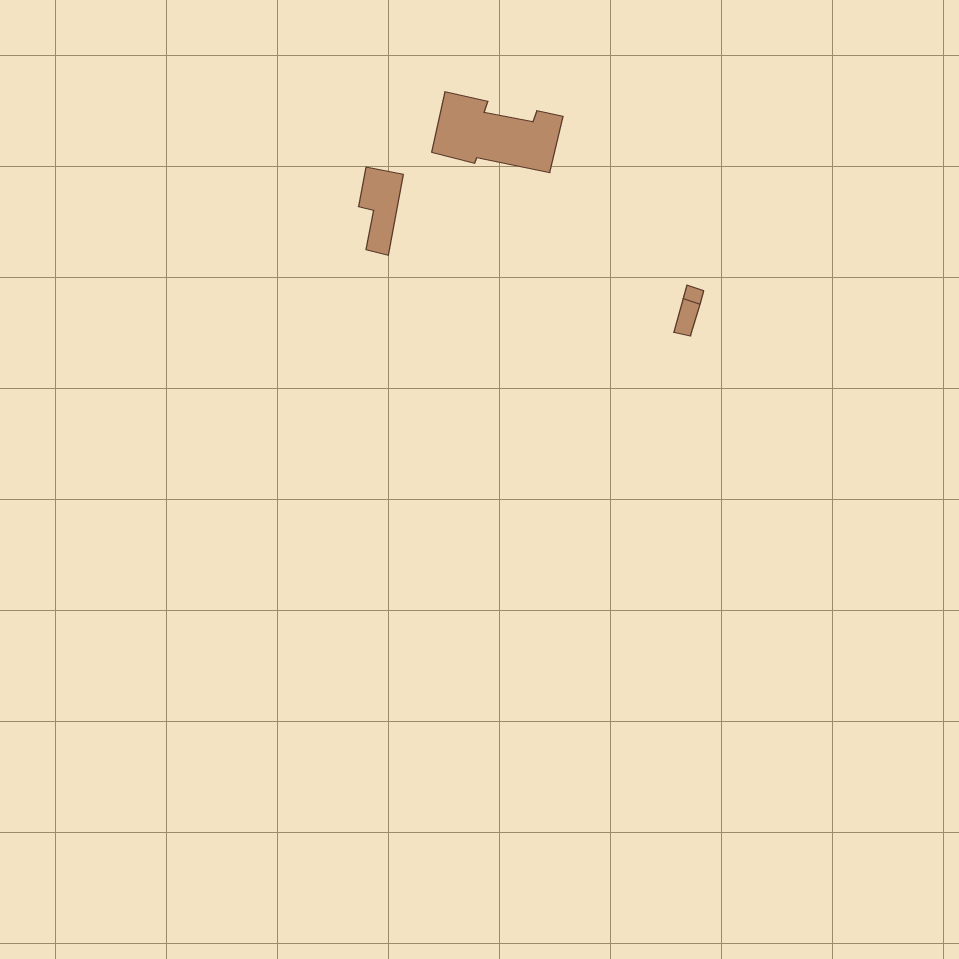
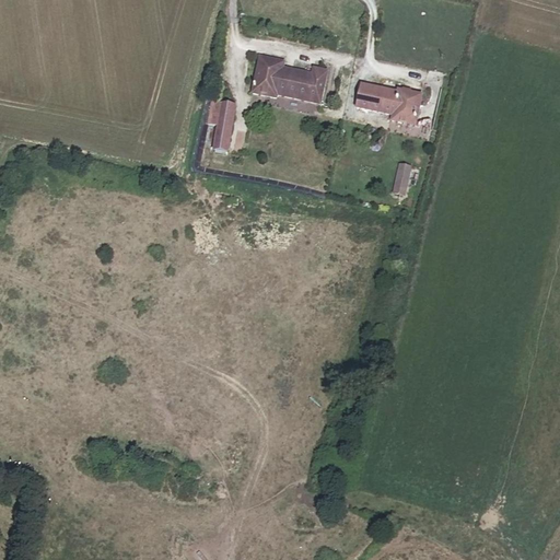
building: none -> [355,82,422,122]

